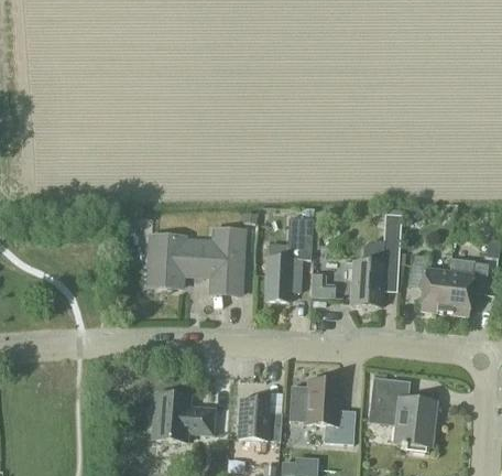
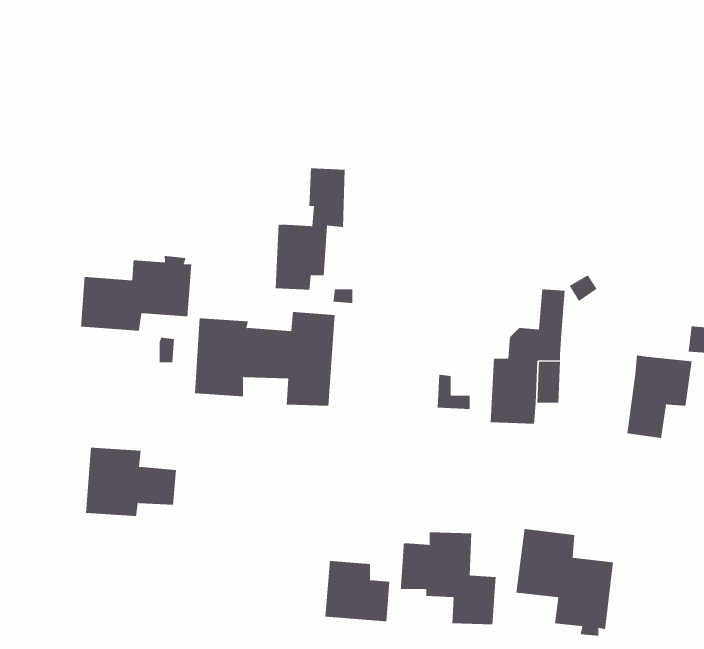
building: none -> [81,255,192,331]
building: [265,217,314,301] -> [275,168,345,290]
building: [410,253,450,312] -> none
building: [152,393,215,441] -> [85,447,177,516]

